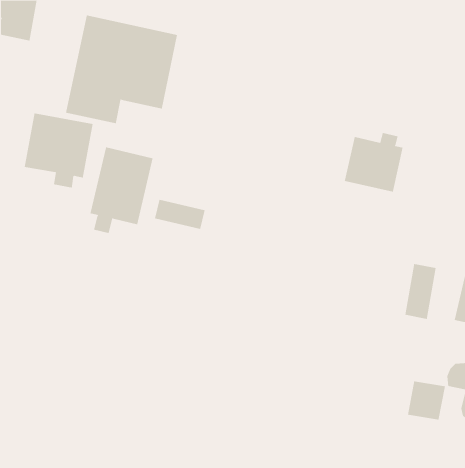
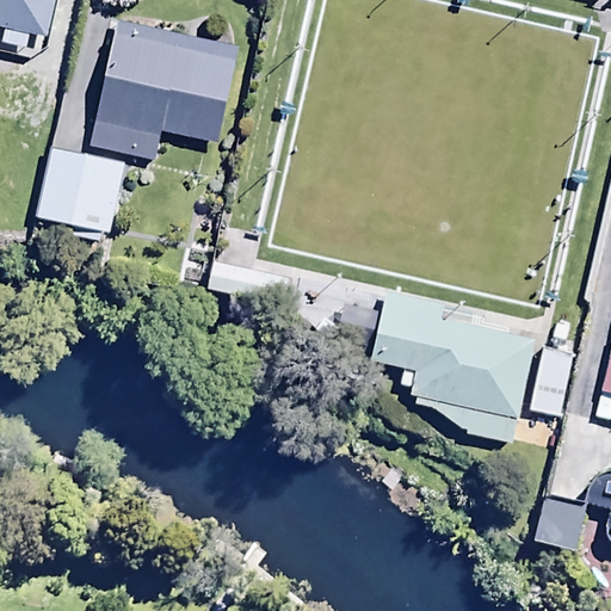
building: [344,132,403,193] -> none
building: [90,147,153,234] -> none
building: none -> [371,290,532,444]

